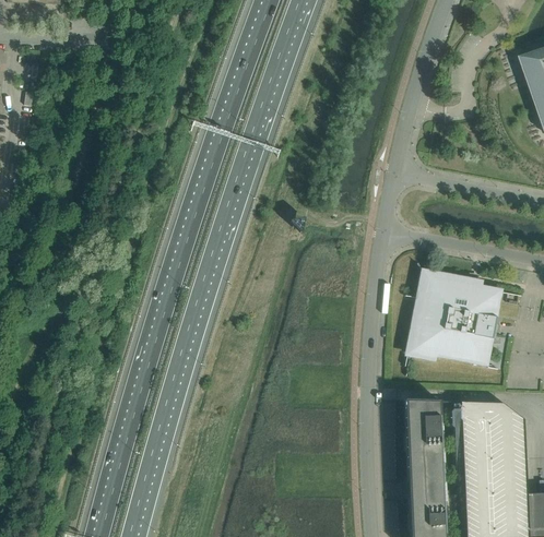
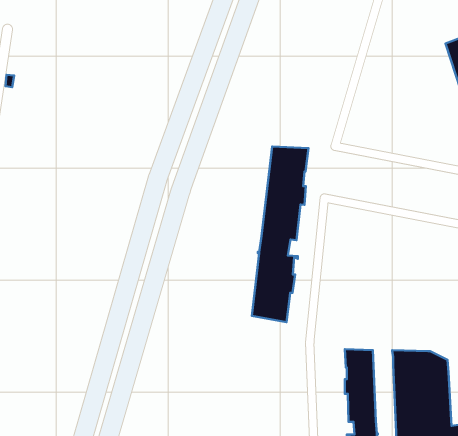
building: none -> [252,147,309,322]
building: [411,276,500,363] -> none

